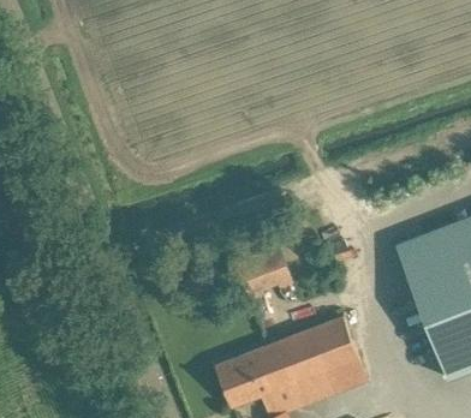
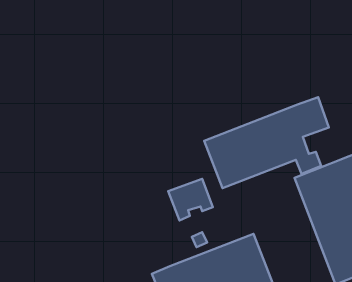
building: none -> [204,97,329,188]

